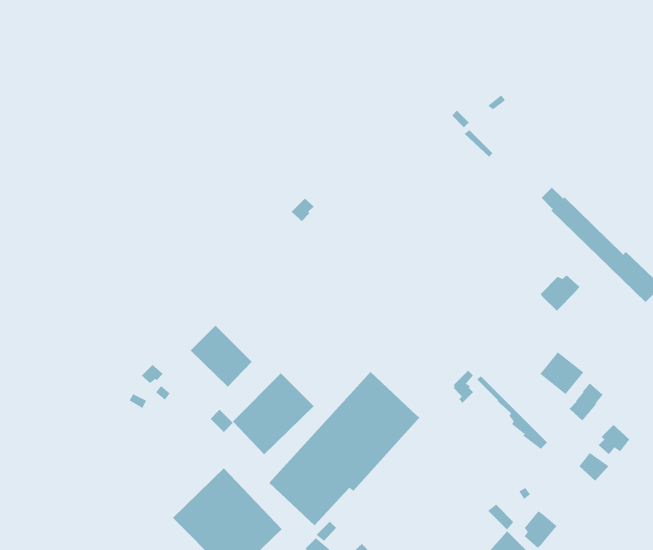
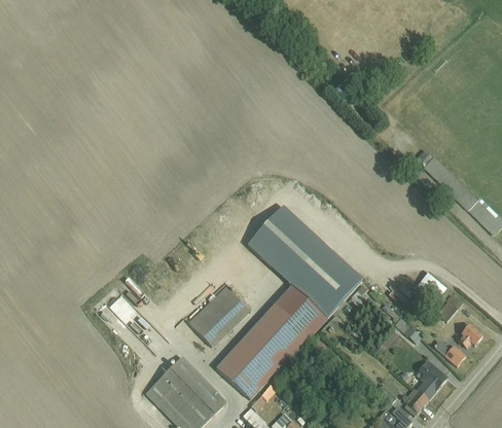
building: none -> [246,206,361,318]
building: [540,274,580,312] -> none
building: [190,325,253,388] -> none
building: none -> [416,359,447,399]

